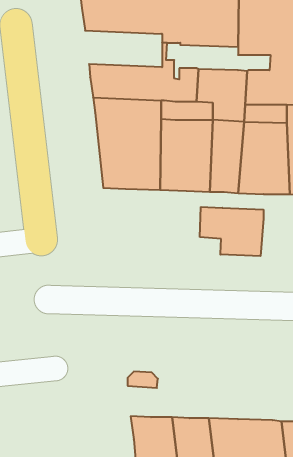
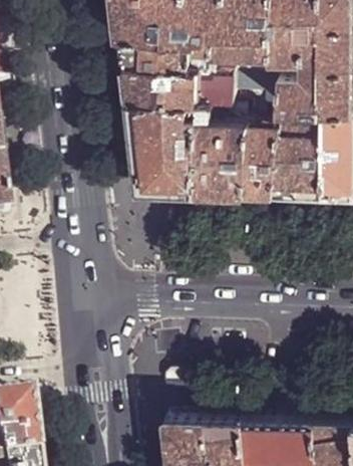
building: none -> [119,37,196,73]
building: none -> [213,51,271,76]
building: [200,207,264,256] -> none

